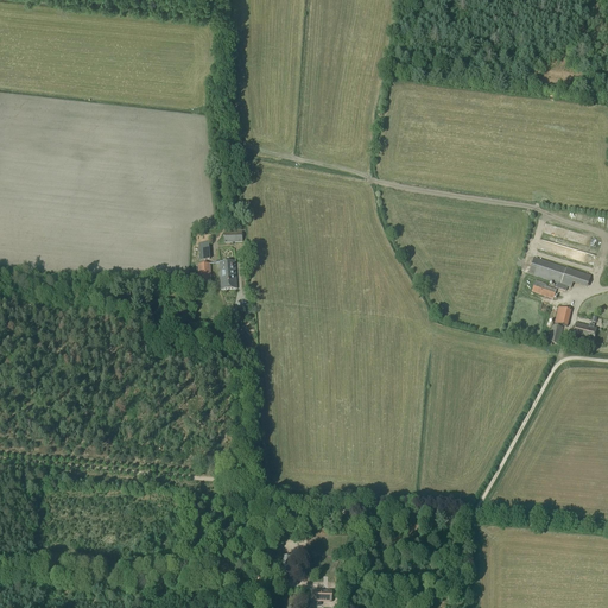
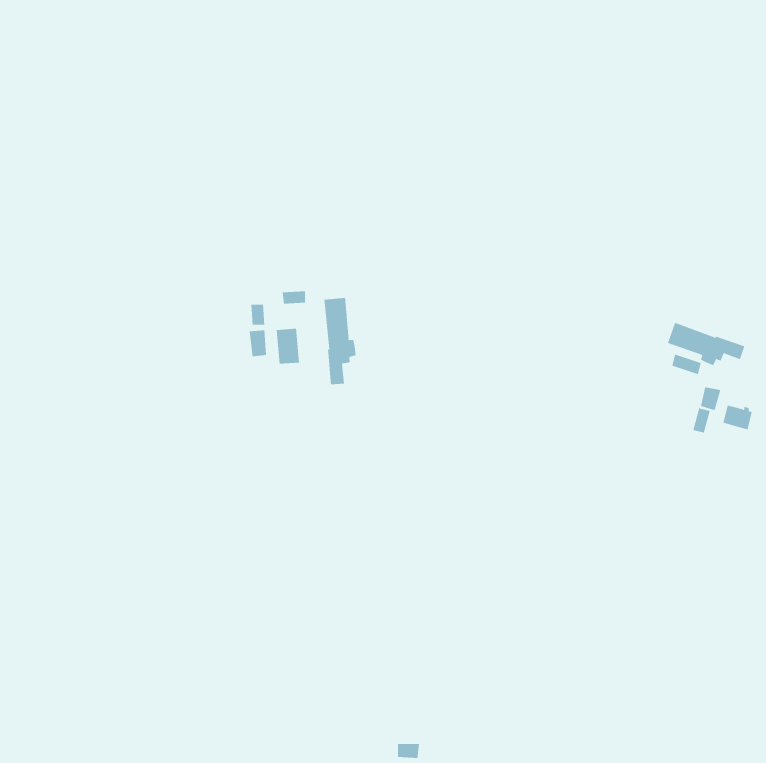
building: none -> [324,297,356,385]

